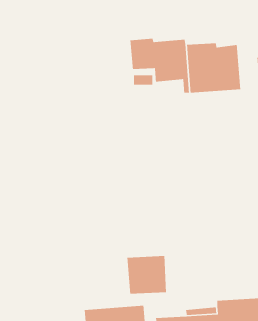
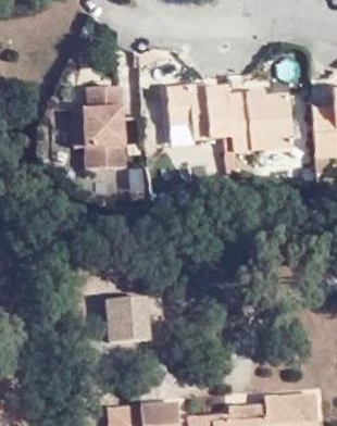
building: none -> [72,84,125,167]
building: [127,255,167,295] -> [101,297,149,343]

